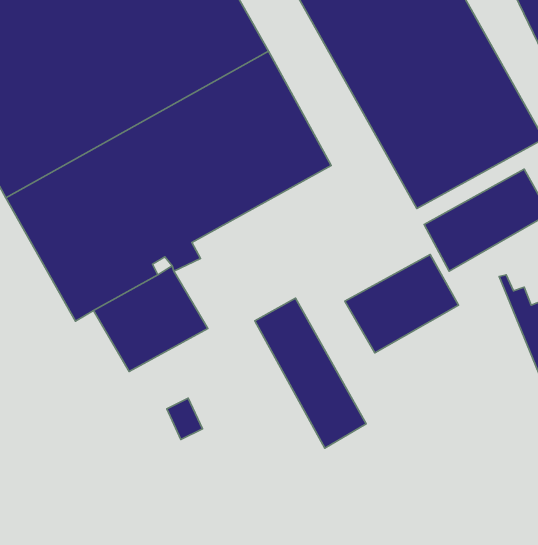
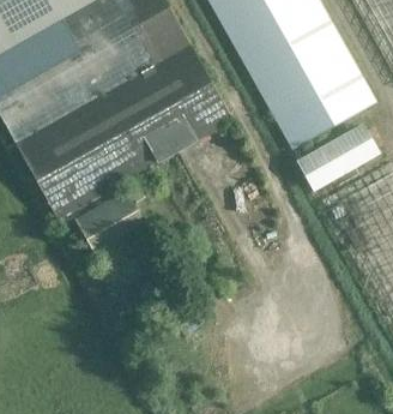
building: [345,255,458,353] -> none
building: [255,298,366,448] -> none

